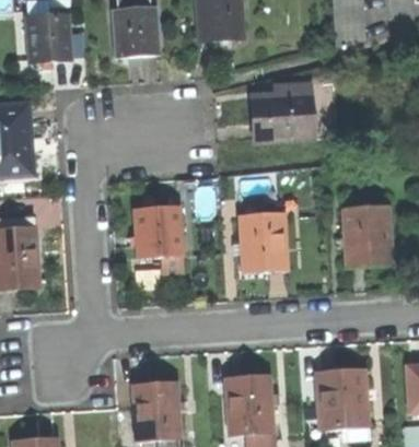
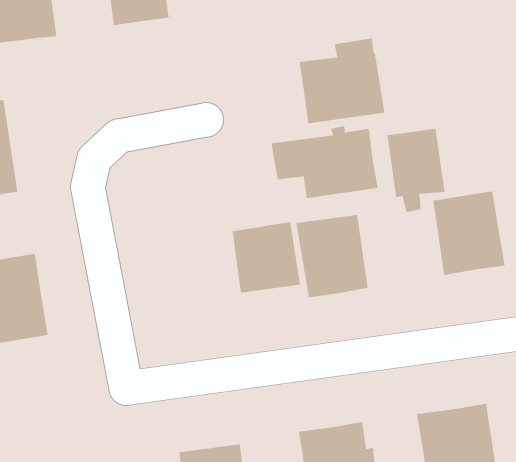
building: none -> [271,125,378,199]
building: none -> [387,128,445,213]
building: [133,207,182,257] -> [232,222,301,293]

